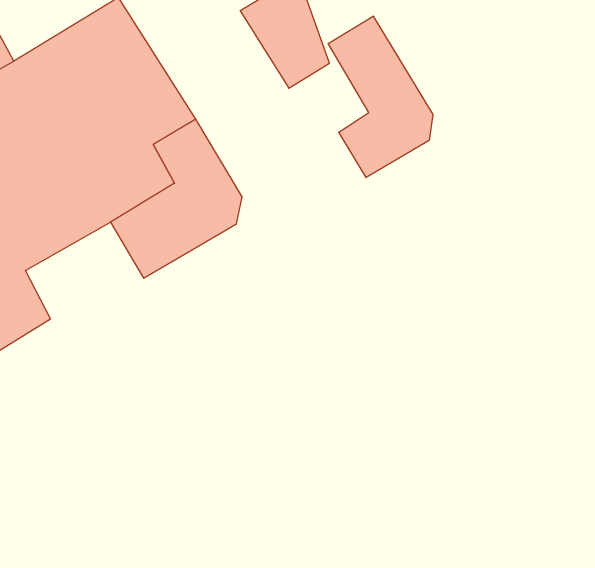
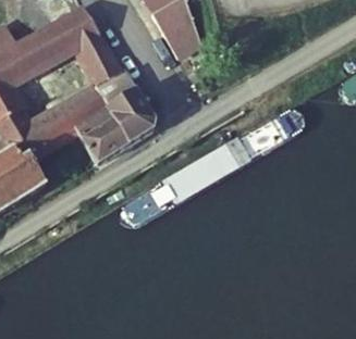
building: [328,16,433,178] -> none

